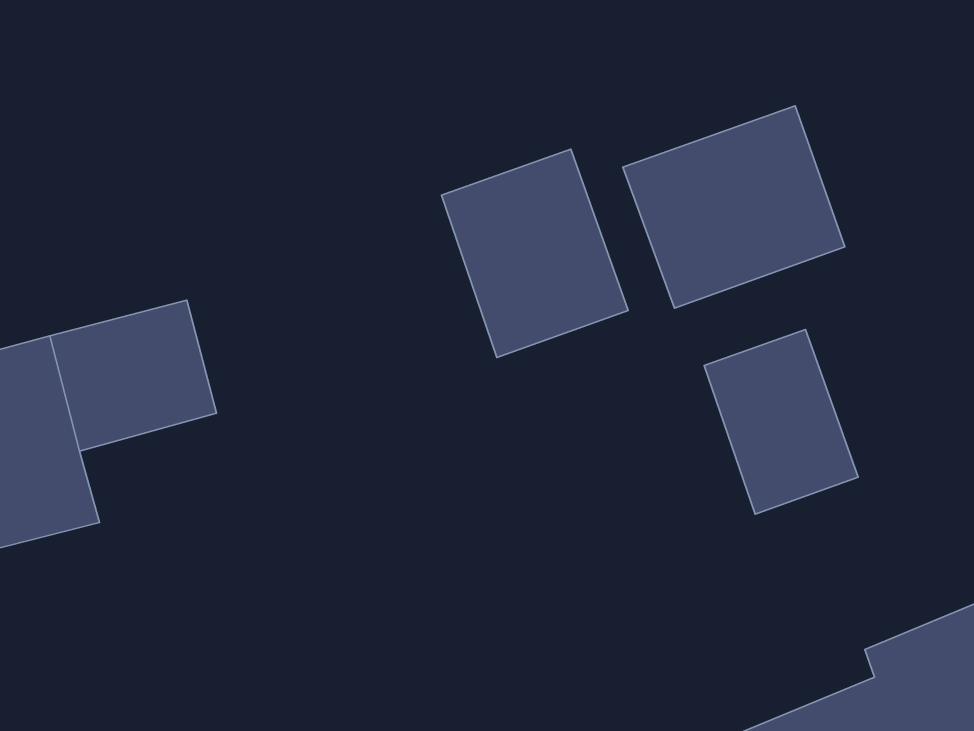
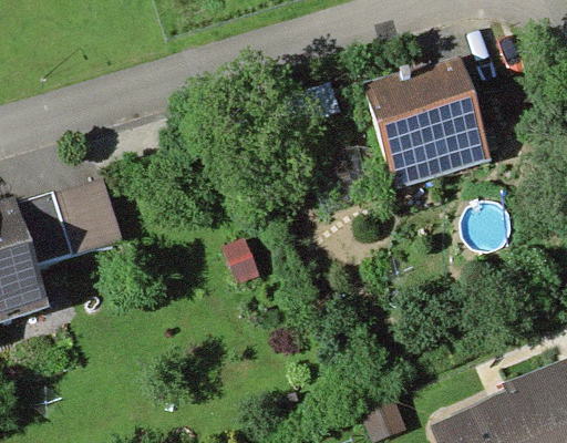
building: [441,149,628,358] -> none
building: [704,330,858,514] -> none

